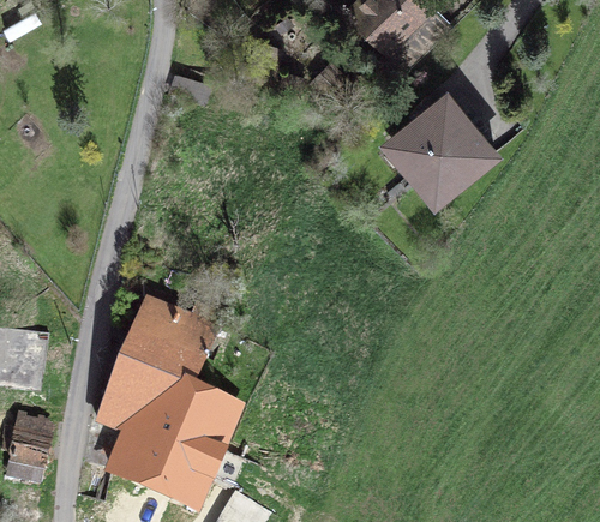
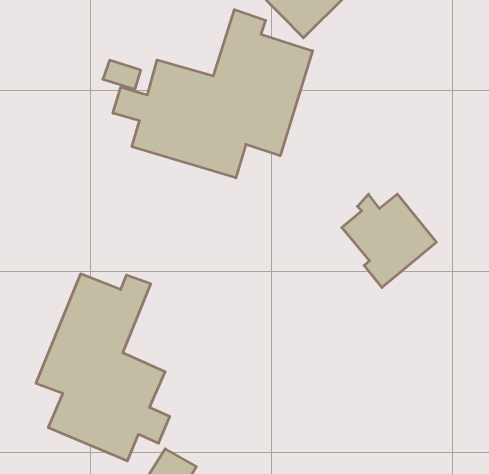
building: none -> [113,10,313,178]
building: [390,101,492,202] -> [342,194,436,288]

